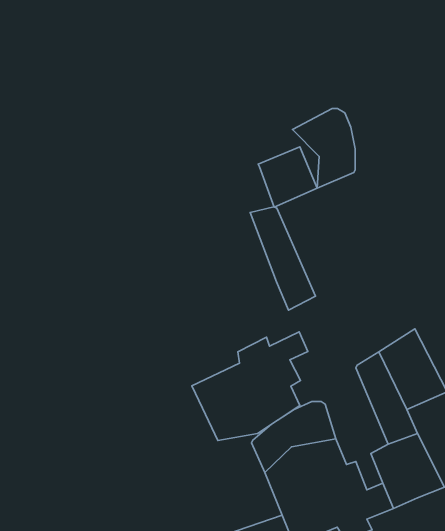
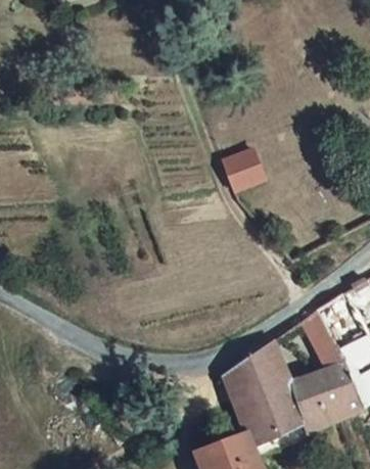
building: [292,108,355,188] -> none
building: [250,207,315,310] -> none
building: [192,332,308,441] -> none

